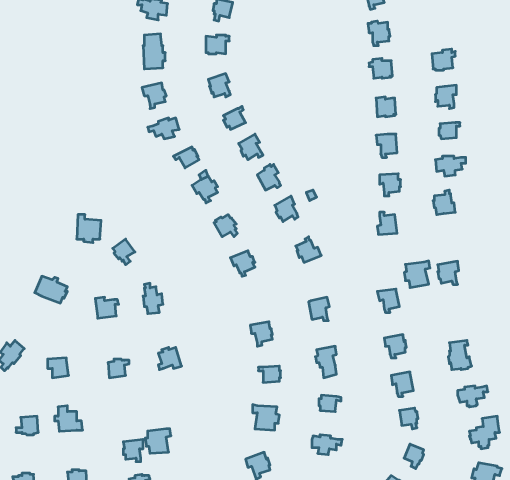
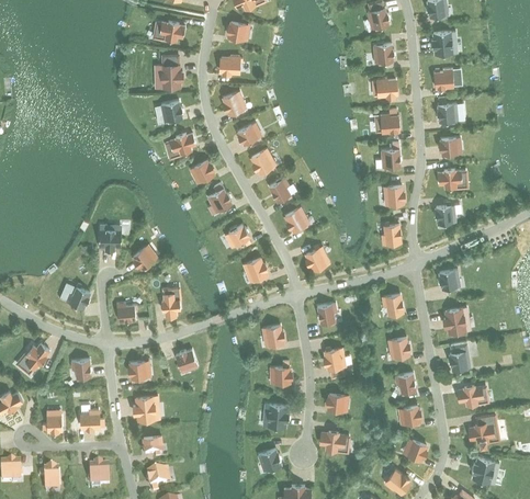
building: none -> [431,32,455,55]
building: [404,261,430,288] -> [443,308,467,333]
building: [145,429,171,453] -> [134,397,158,420]

